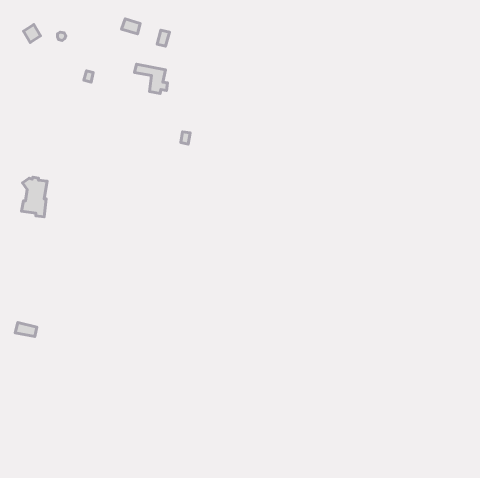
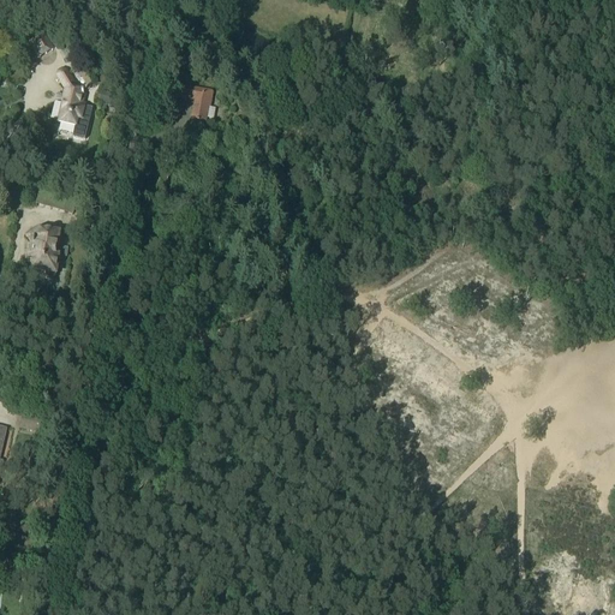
building: none -> [56,67,91,137]

